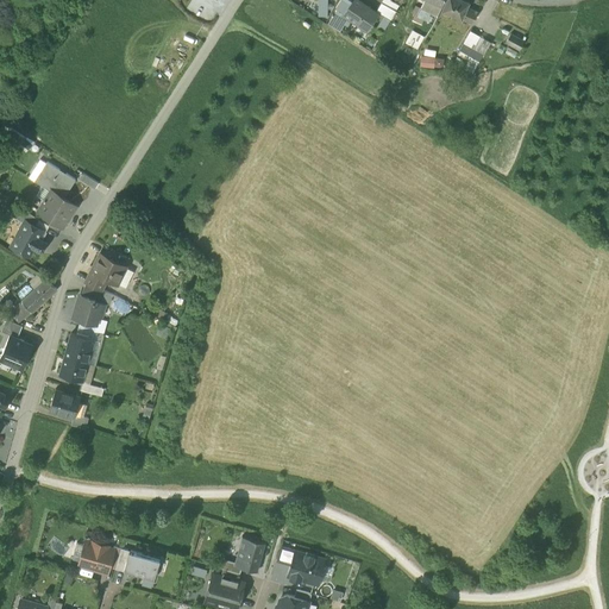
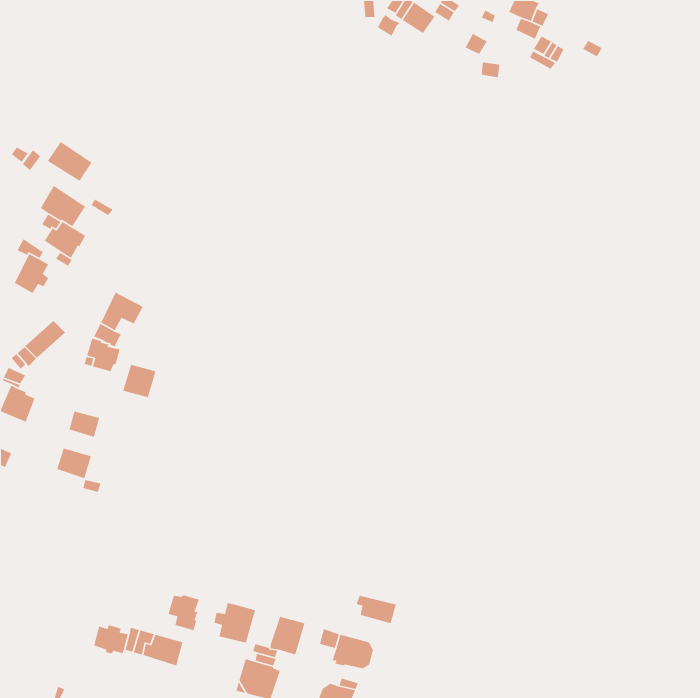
building: none -> [47,141,92,182]
building: [64,334,94,364] -> [122,364,157,398]
building: none -> [167,594,200,631]
building: none -> [356,595,397,624]
building: none -> [213,602,256,643]

